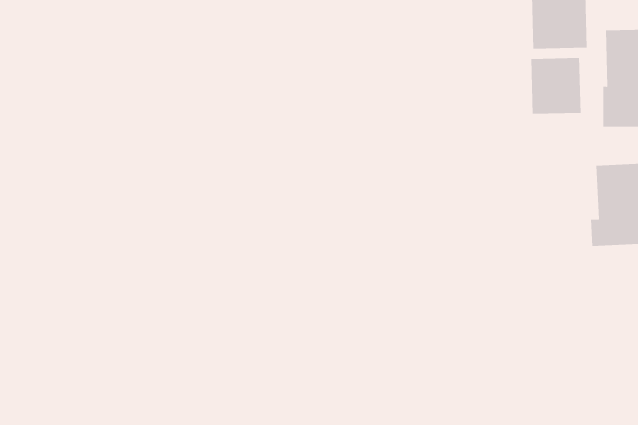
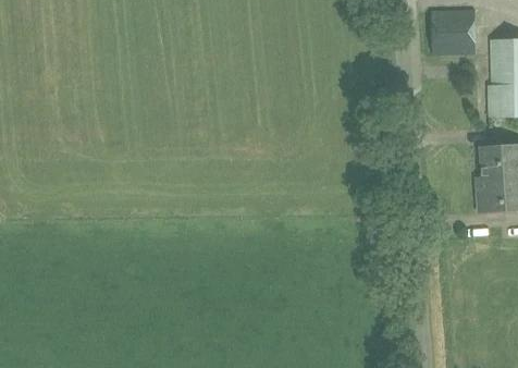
building: [531,57,581,115] -> none

